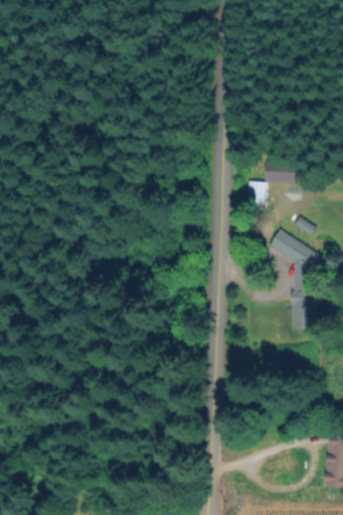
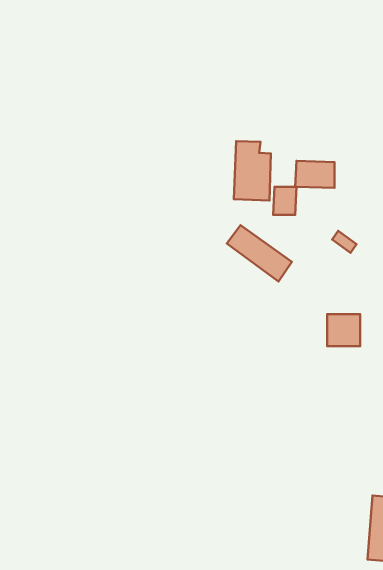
building: none -> [234,141,271,200]
building: [269,229,322,276] -> [227,225,292,282]

